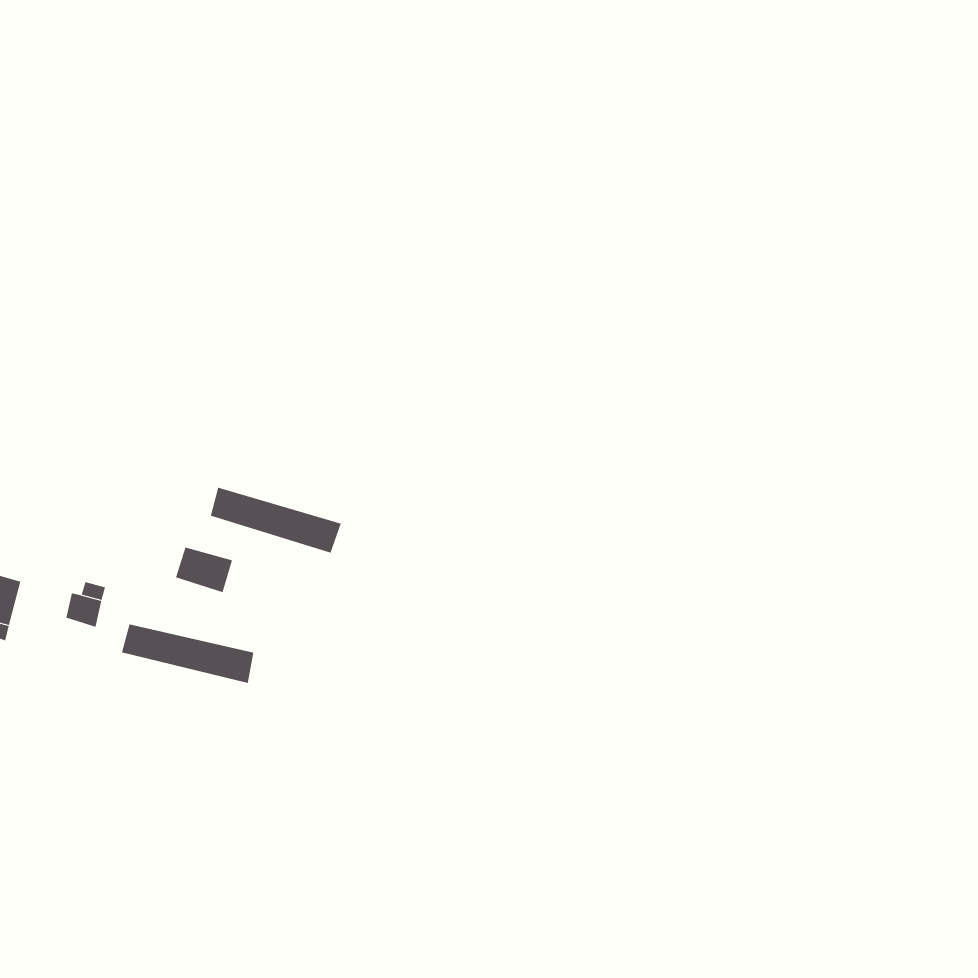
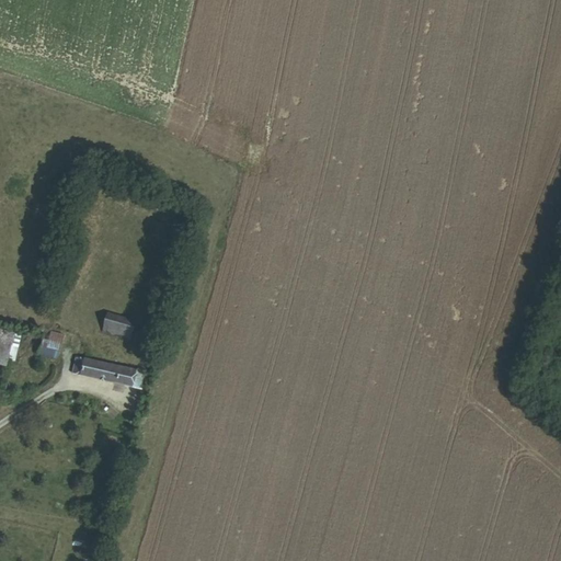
building: [210,487,341,553] -> none

